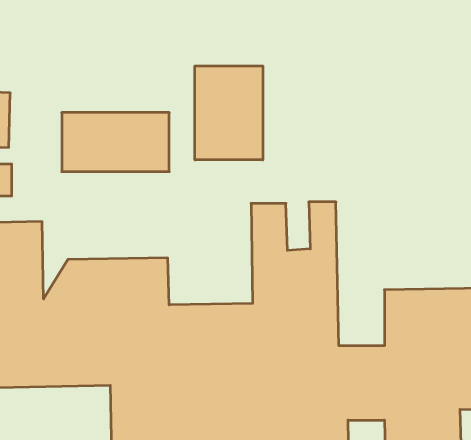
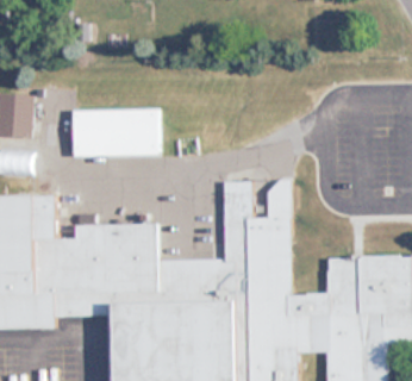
building: [195,66,263,160] -> none

